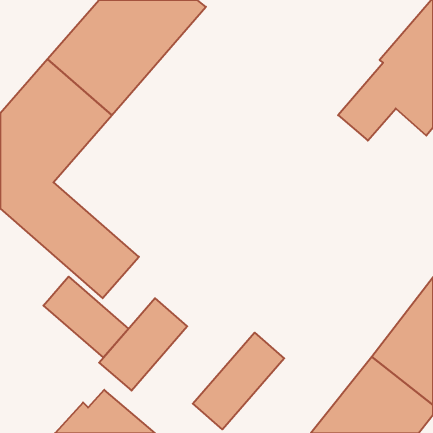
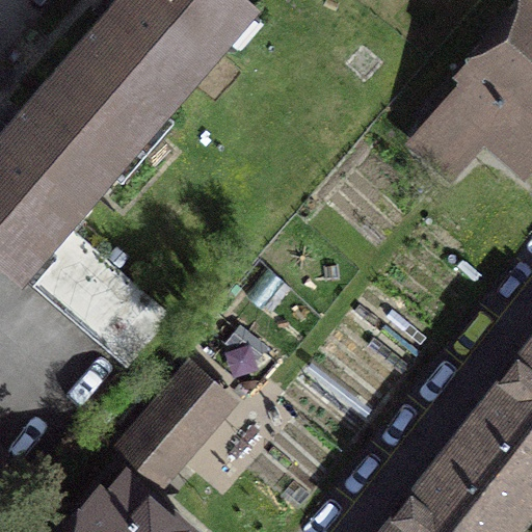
building: [43,277,129,358] -> none
building: [193,333,284,429] -> none

